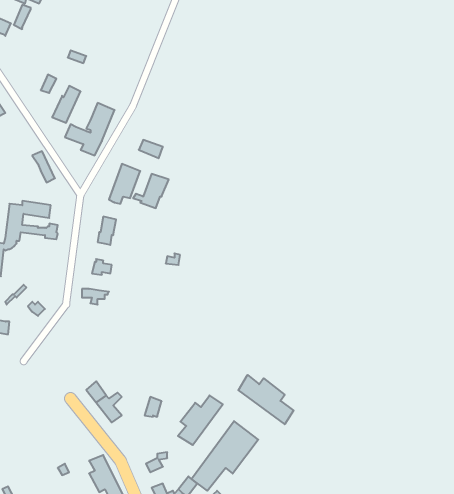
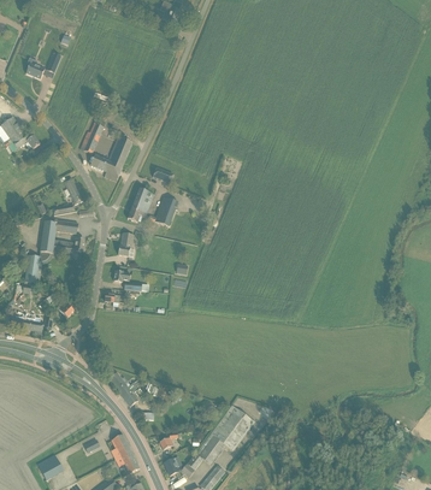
building: [238,375,294,424] -> none
building: [178,395,223,445] -> none

